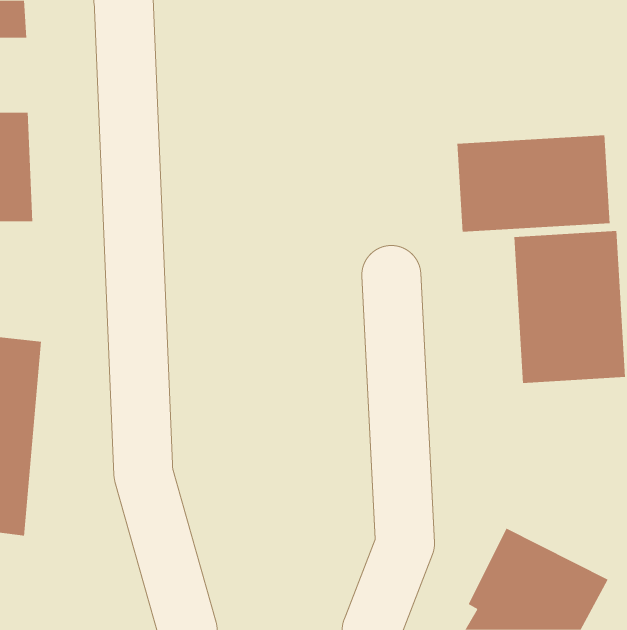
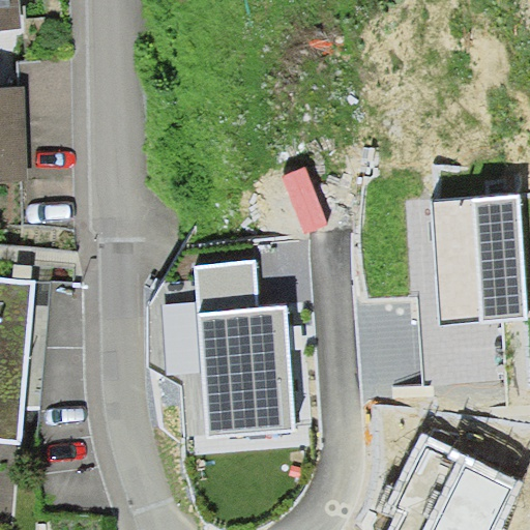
building: [457,135,610,233] -> none
building: none -> [192,262,292,436]

